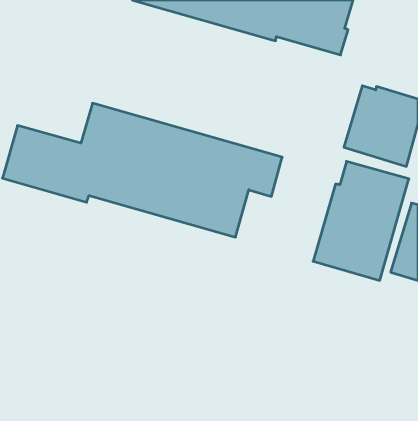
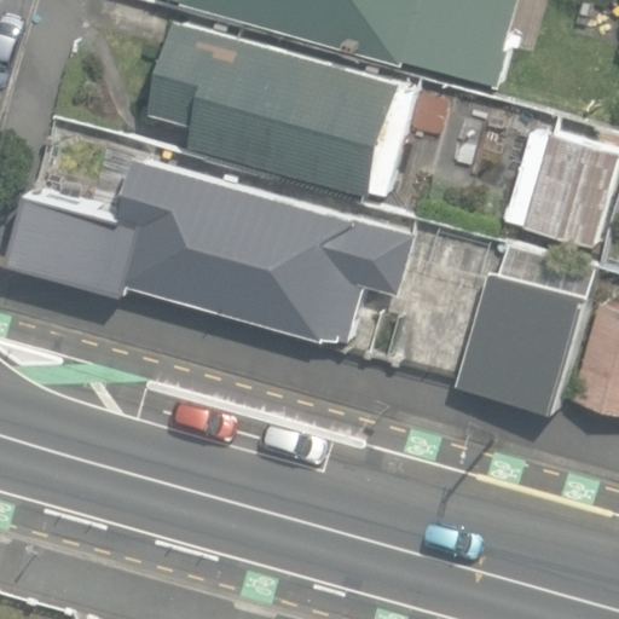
building: none -> [145,21,415,197]

